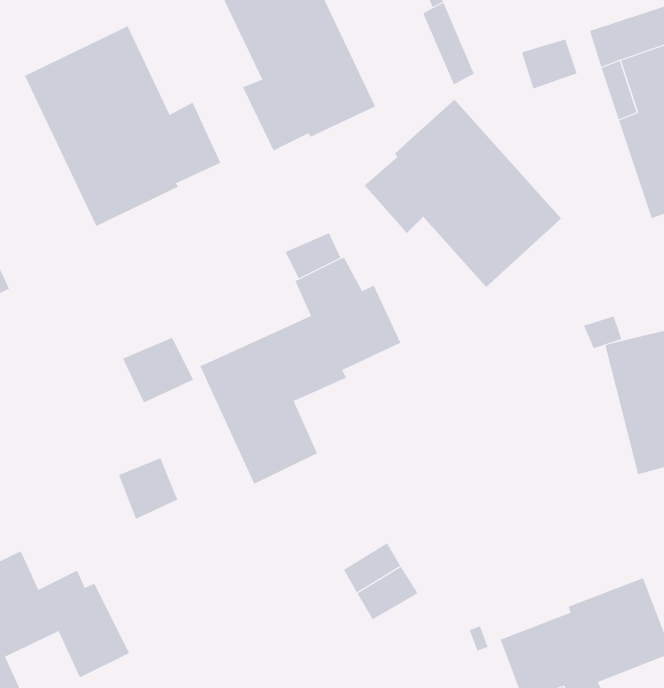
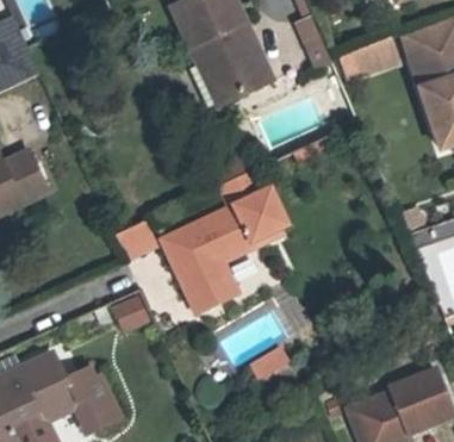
building: [24,25,221,227] -> none
building: [364,99,562,288] -> none

